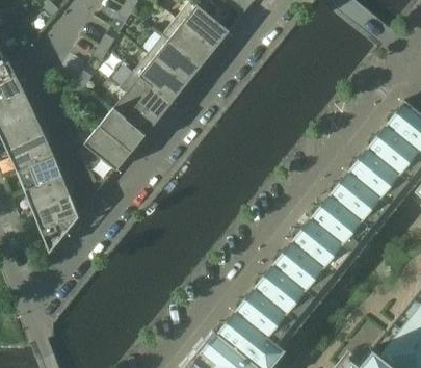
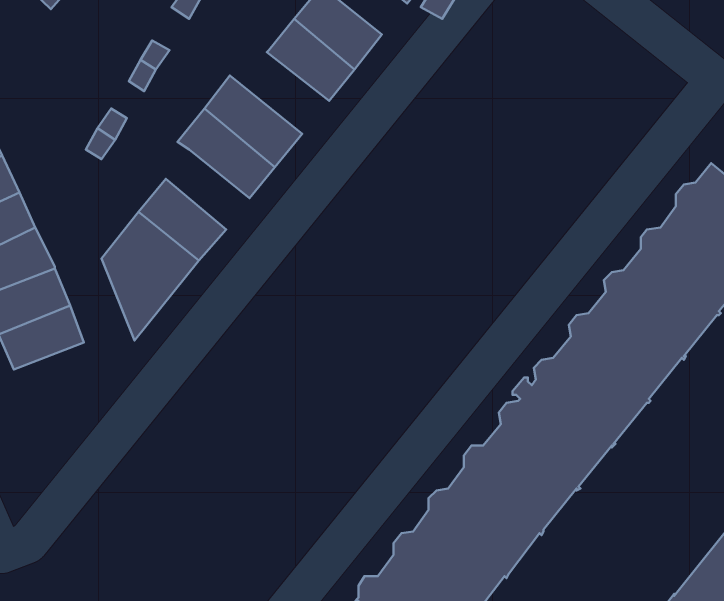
building: [149,35,202,84] -> none
building: [114,93,159,135] -> none
building: [33,195,80,253] -> none

